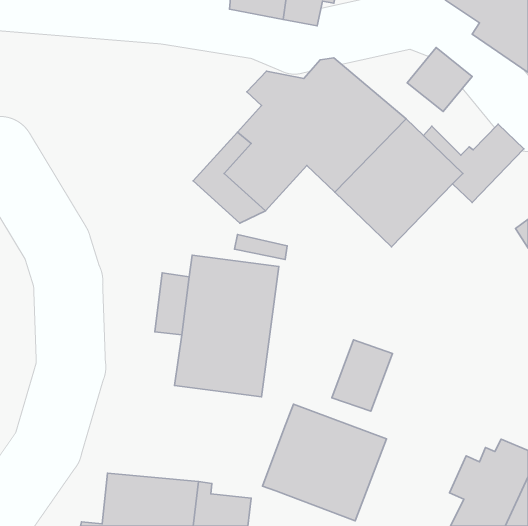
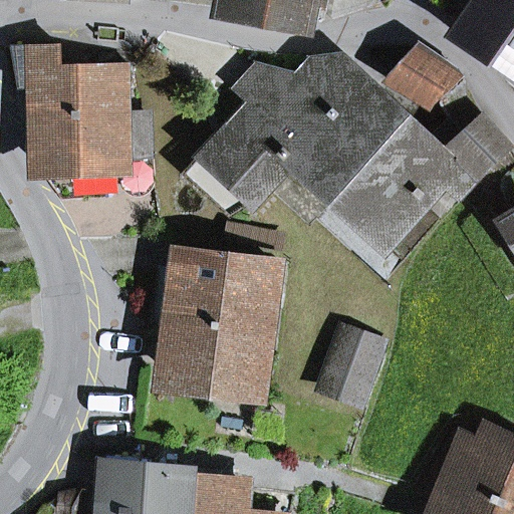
building: none -> [15,43,156,180]
building: [262,404,386,521] -> none

